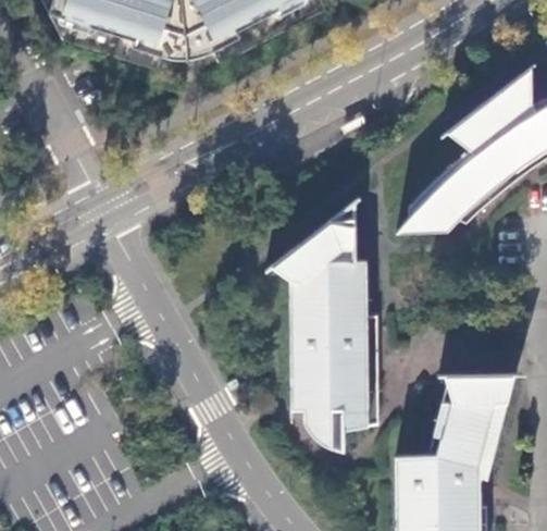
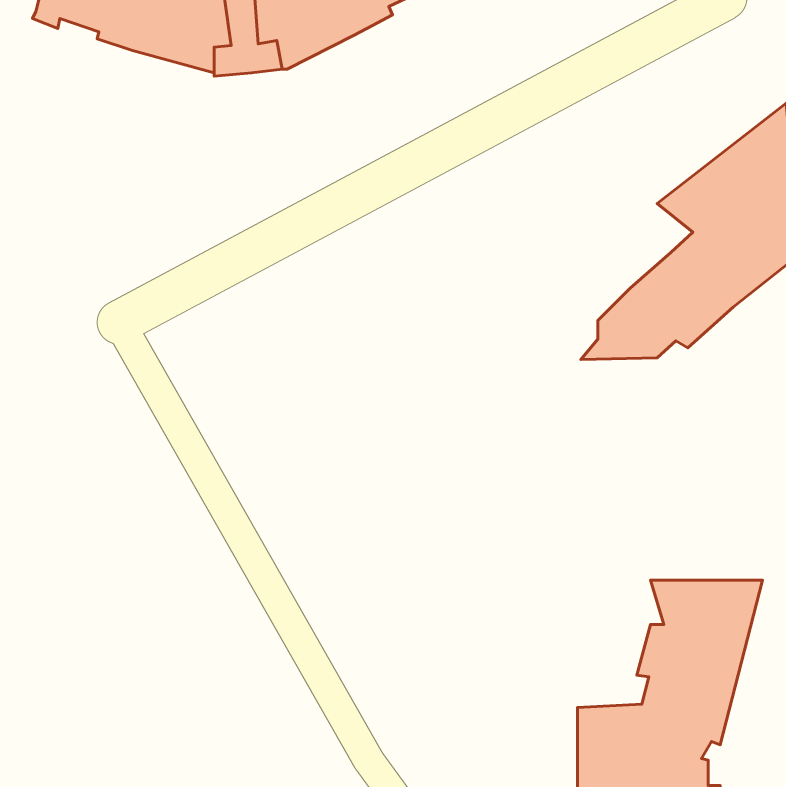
building: [271,201,377,448] -> none

